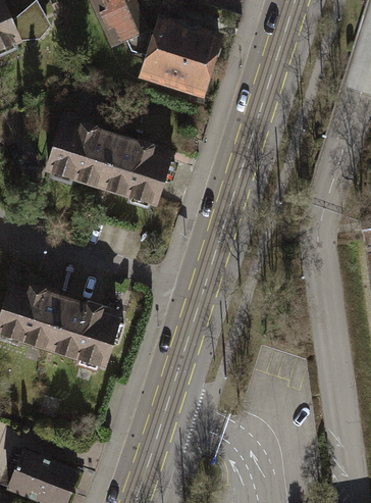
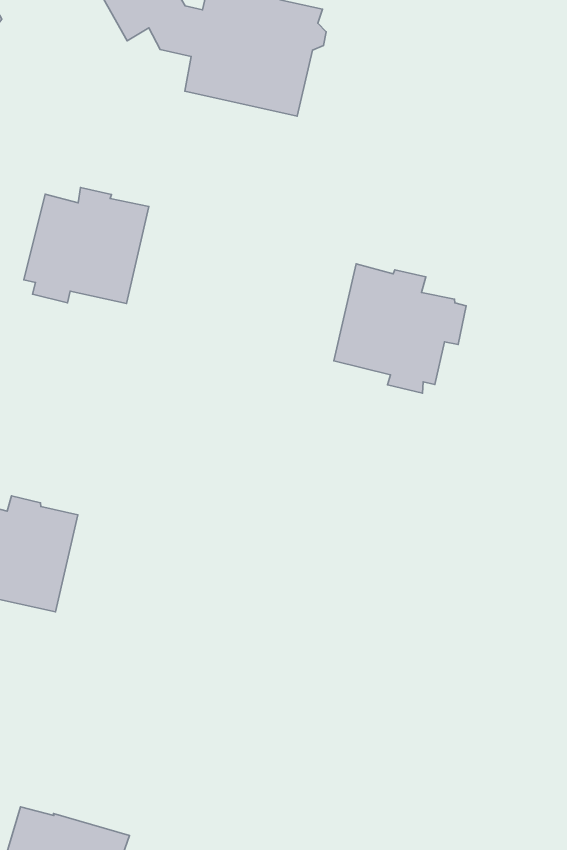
building: [101,136,174,208] -> [334,264,466,393]
building: [49,298,123,369] -> none

